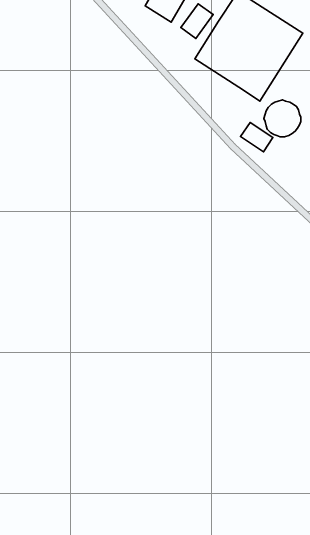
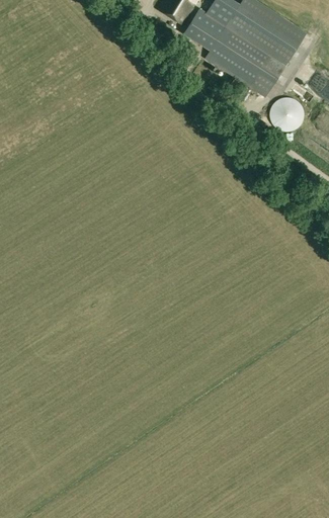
building: [240,122,273,152] -> none

